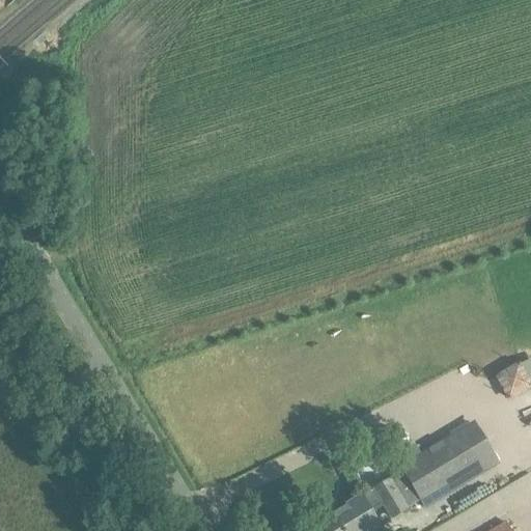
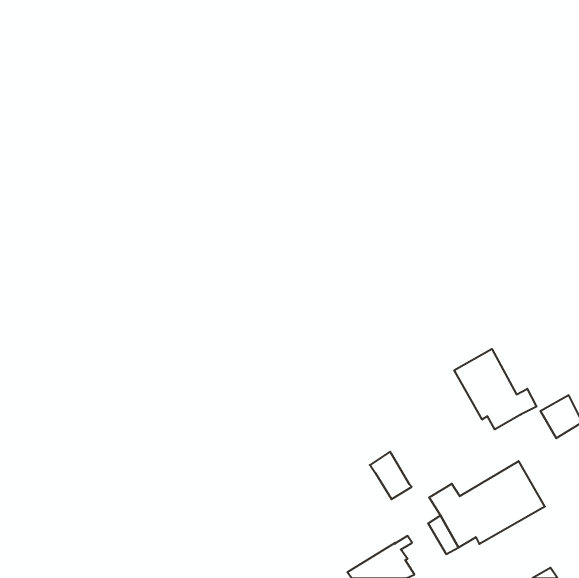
building: none -> [454,349,537,429]
building: [372,476,411,520] -> [370,452,412,499]

